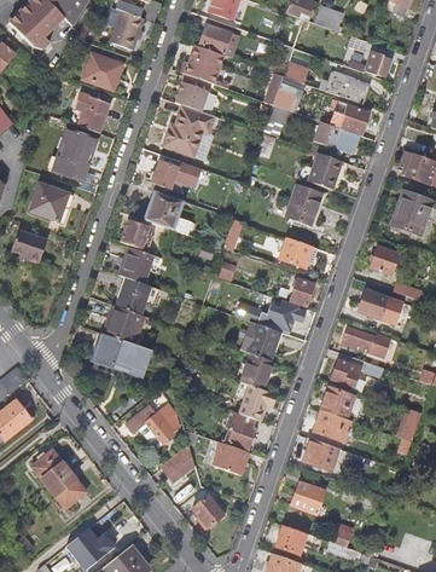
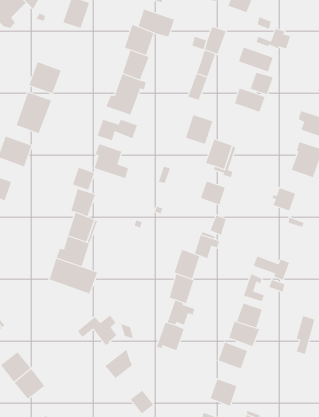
building: [82,52,120,87] -> none
building: [307,151,342,189] -> [185,114,213,145]
building: [356,289,401,323] -> none
building: [220,443,249,475] -> none

